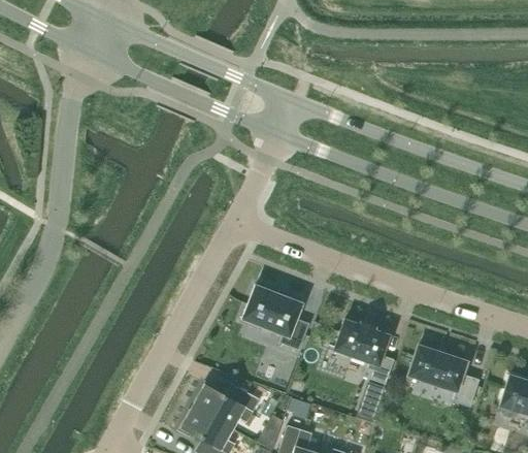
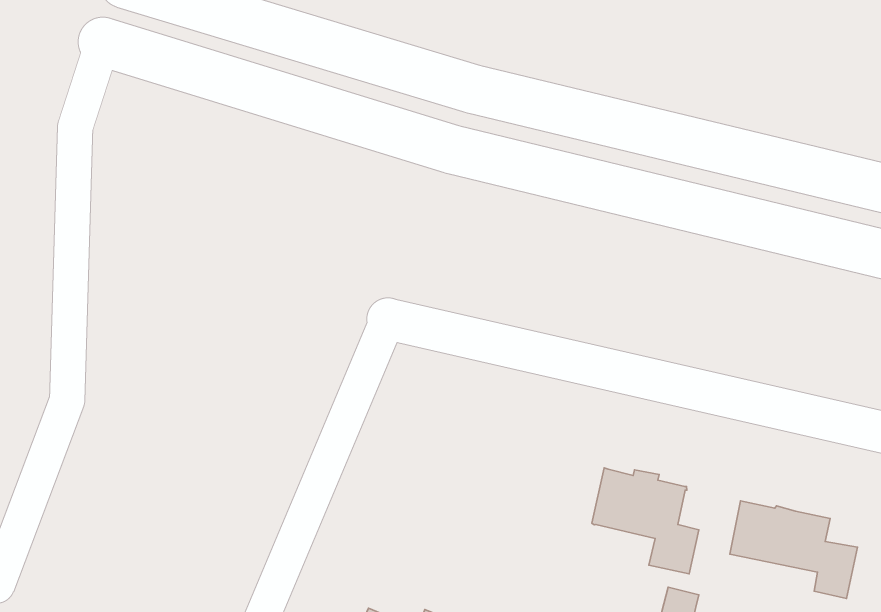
building: [242,289,308,351] -> none

